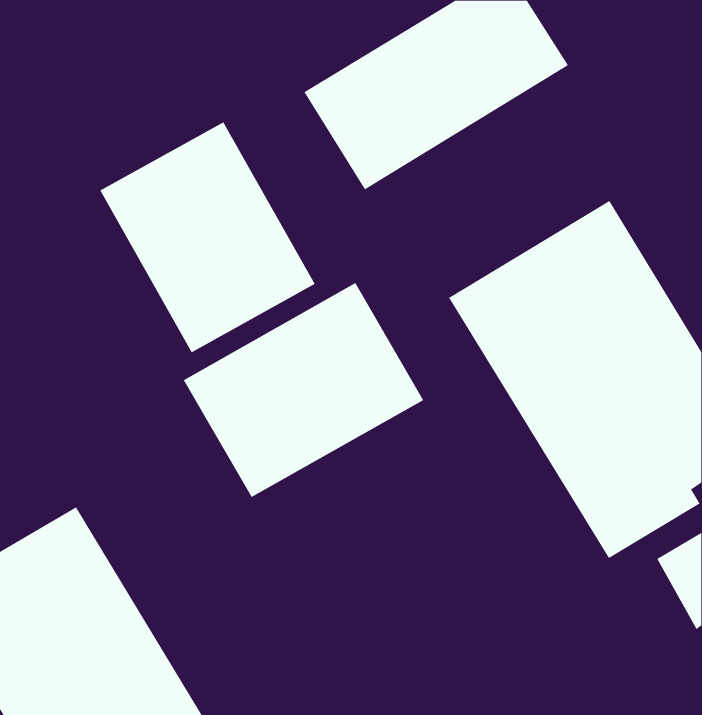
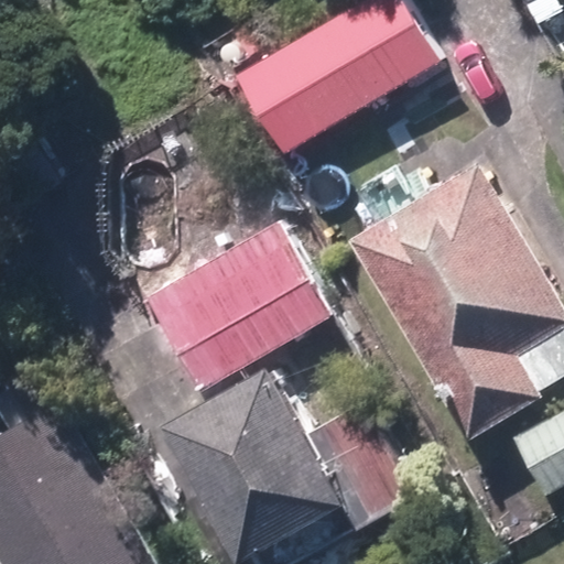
building: [99,121,316,353] -> none
building: none -> [173,364,413,553]

